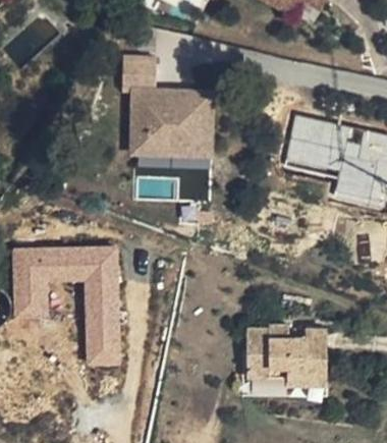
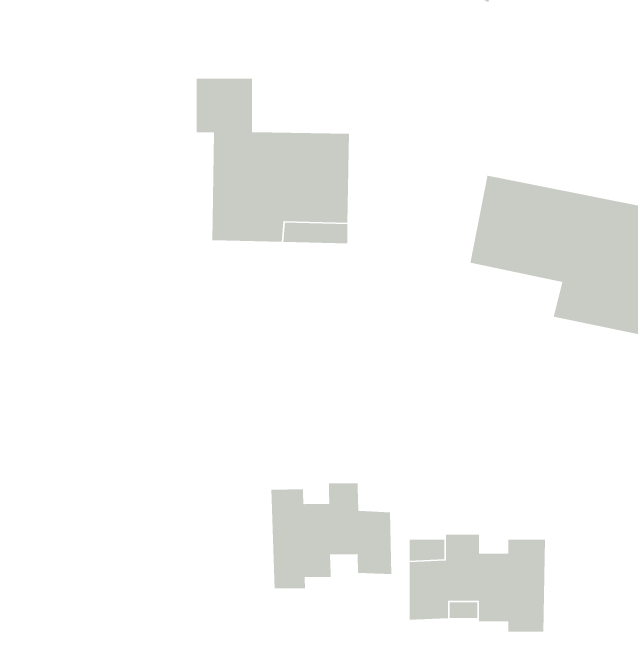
building: [12,247,119,366] -> none
building: none -> [270,482,392,589]

